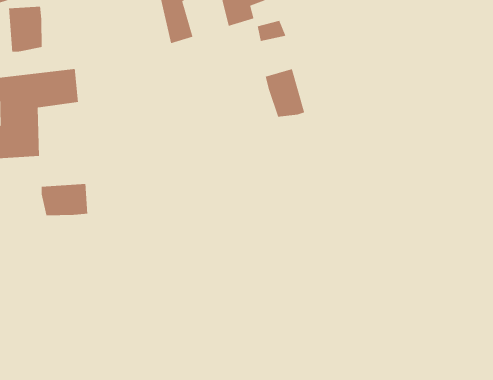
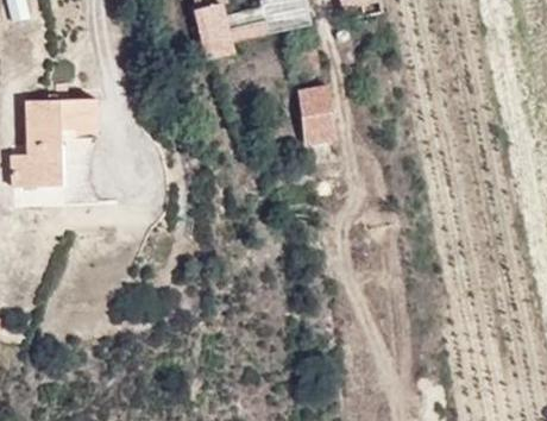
building: [8,6,43,53] -> none
building: [41,183,88,216] -> none

